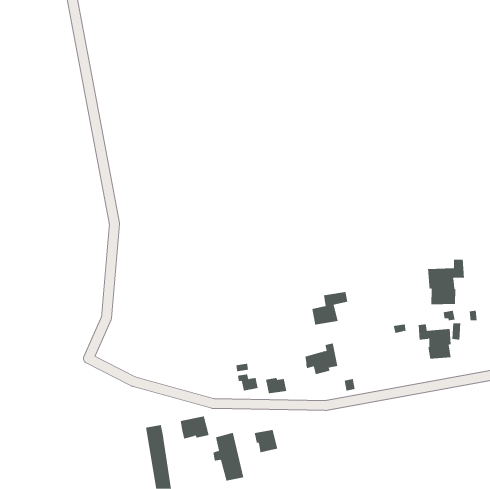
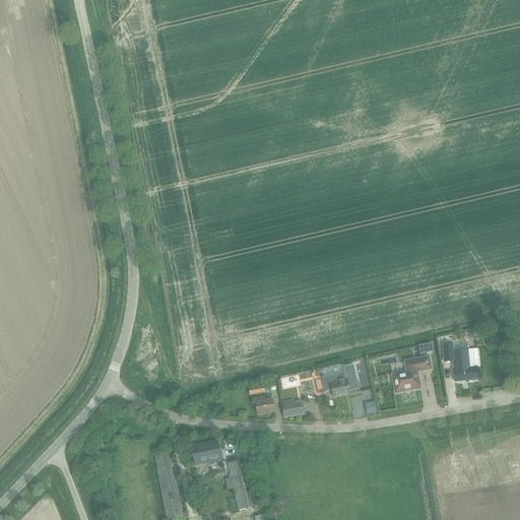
building: [428,259,464,305] -> none
building: [312,291,348,325] -> [391,355,430,391]
building: [254,429,278,453] -> none

